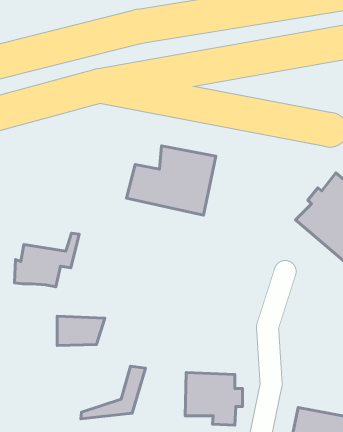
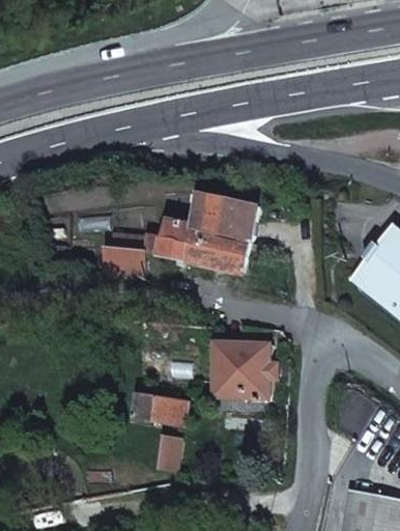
building: [14,233,79,287] -> [95,214,167,273]
building: [57,316,105,345] -> [138,396,191,428]
building: [185,373,242,425] -> [217,343,280,401]

